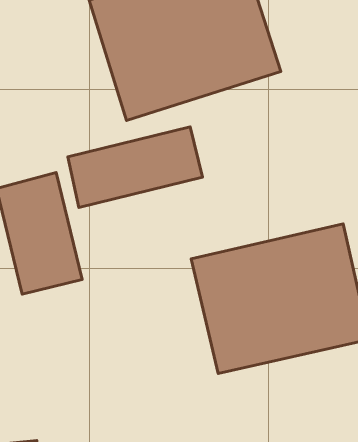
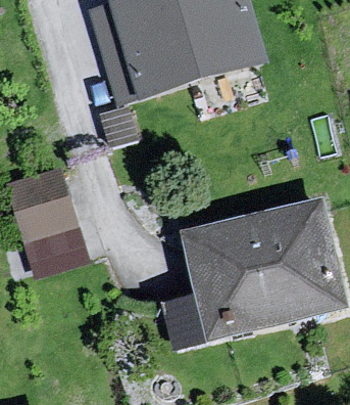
building: [68,127,202,208] -> none

